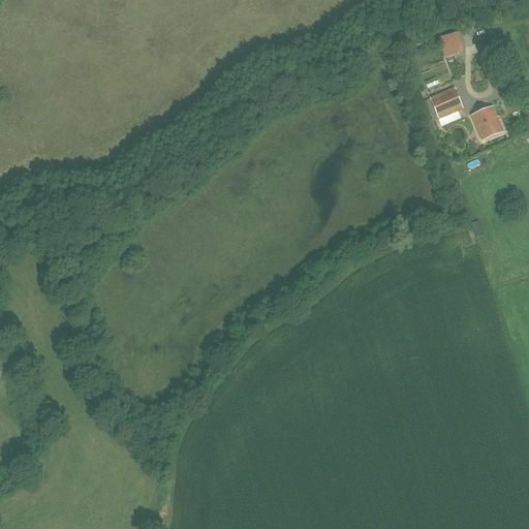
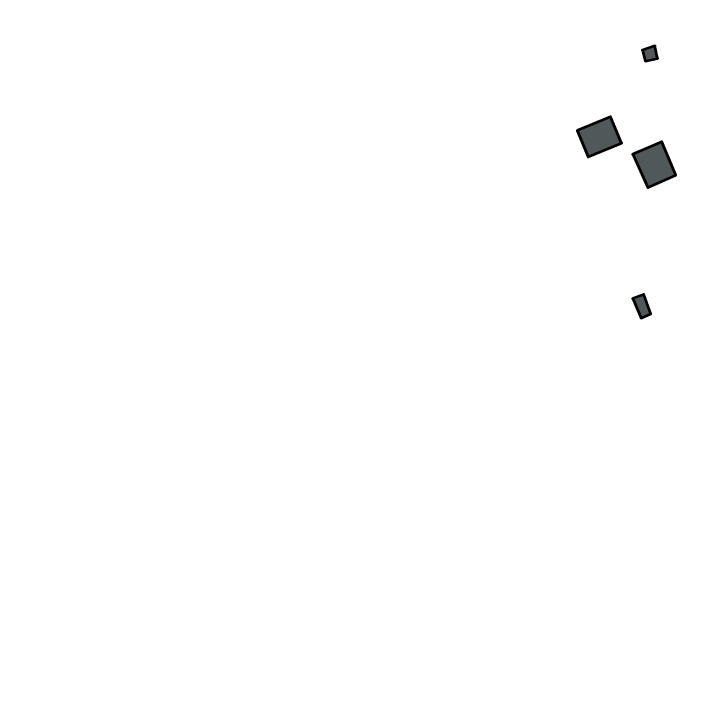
building: [439,32,464,56] -> none

